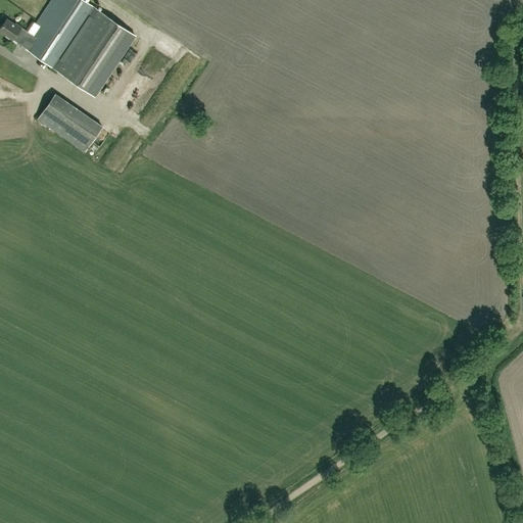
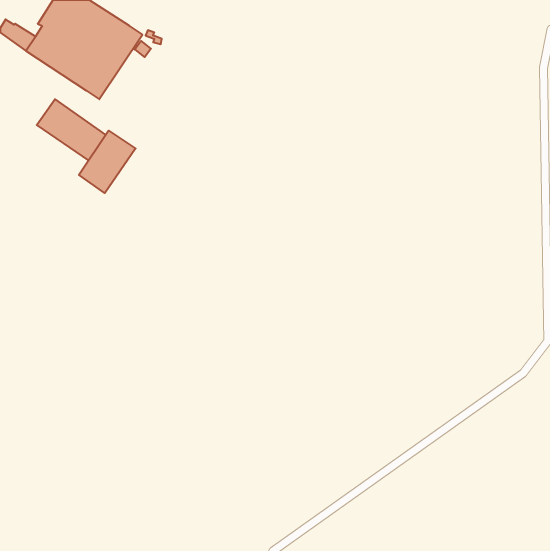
building: none -> [79,131,136,193]

